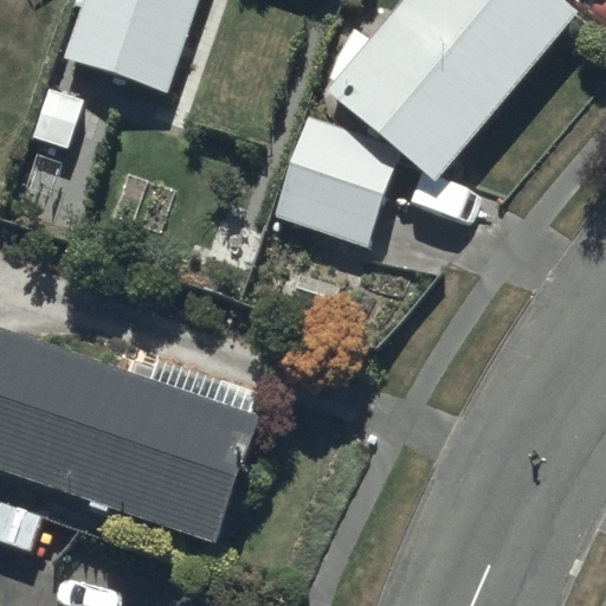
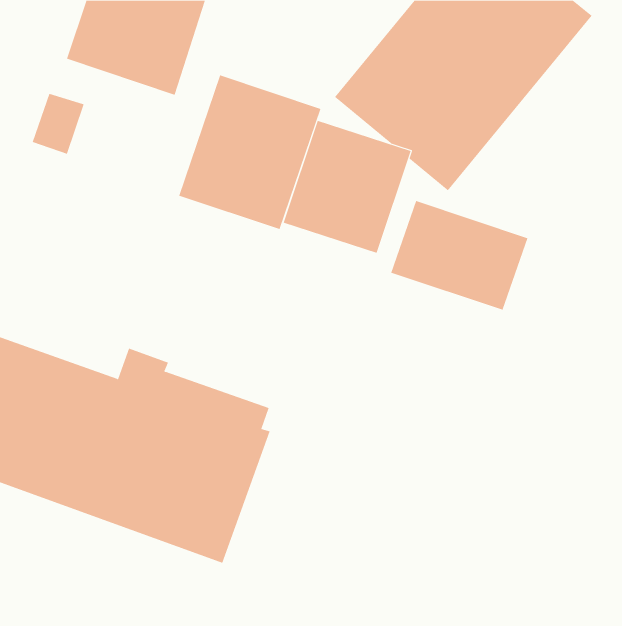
building: none -> [179,75,321,230]
building: none -> [391,200,528,311]

